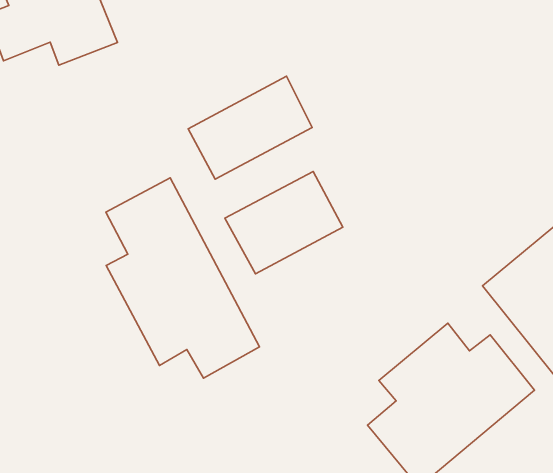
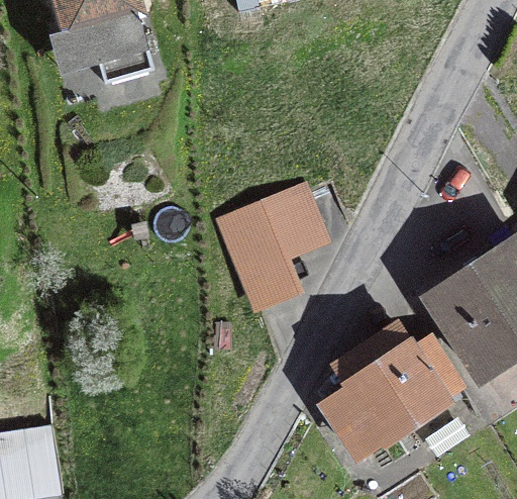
building: [188,76,312,179] -> none
building: [106,178,259,378] -> none

